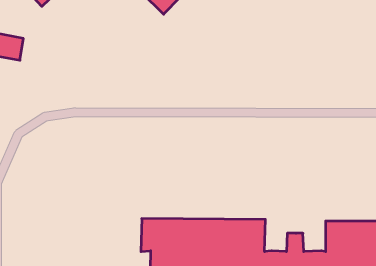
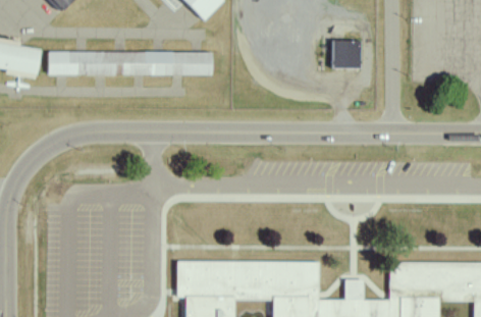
building: none -> [330,40,360,68]
building: none -> [46,51,212,75]

